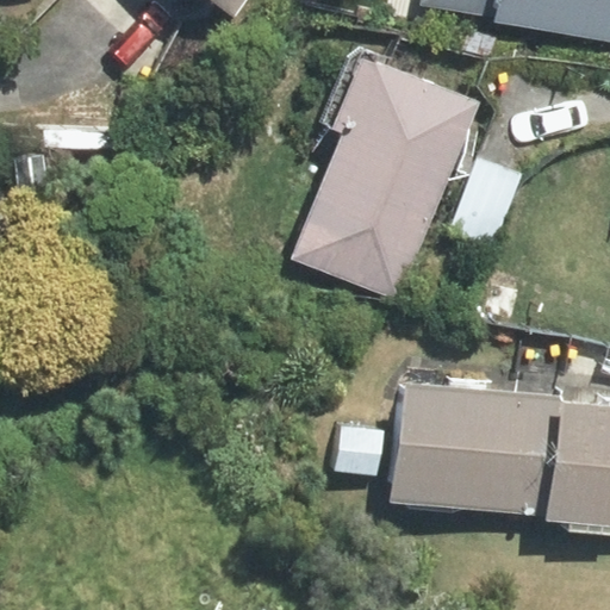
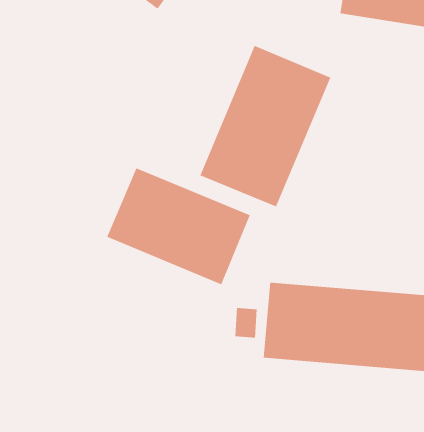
building: none -> [107,167,251,285]

